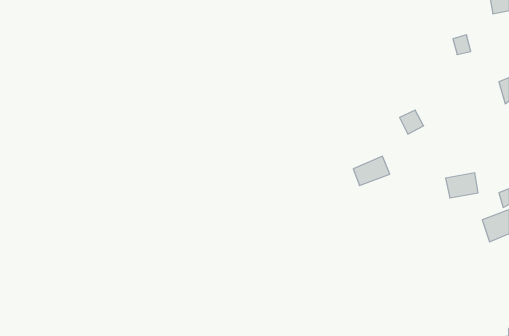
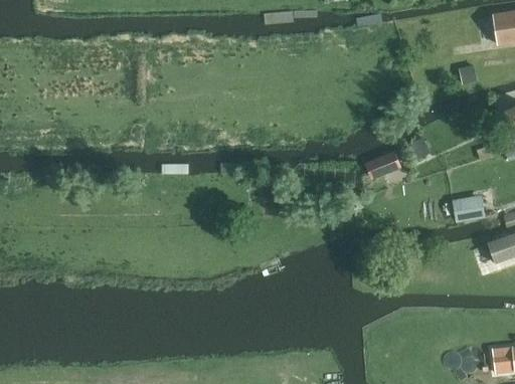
building: [353,156,390,186] -> [366,151,401,179]

